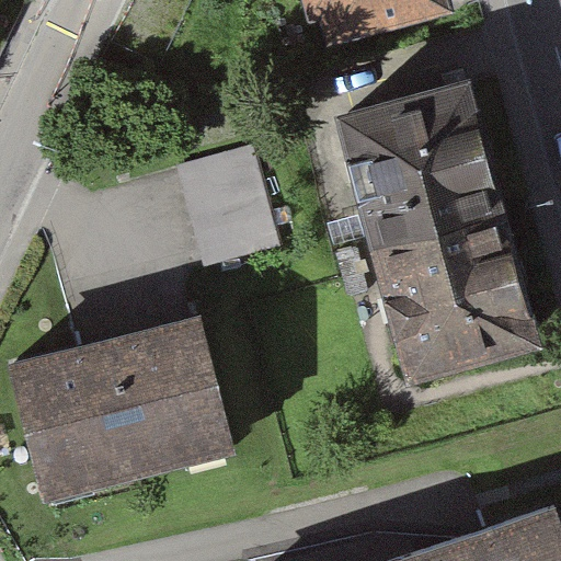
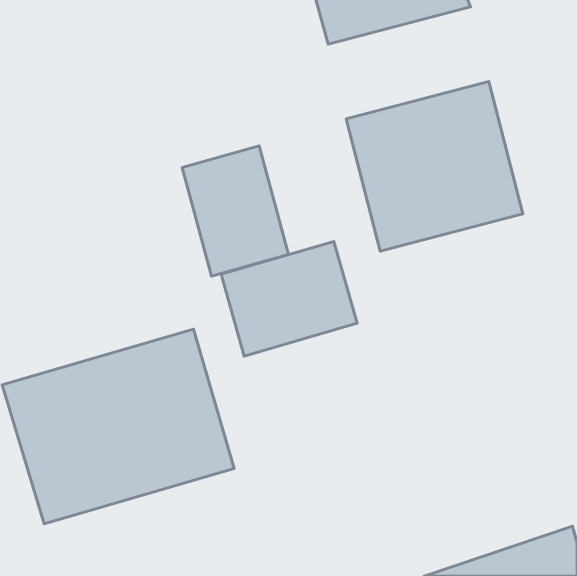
building: [368,207,543,386] -> none
building: none -> [221,241,357,356]

